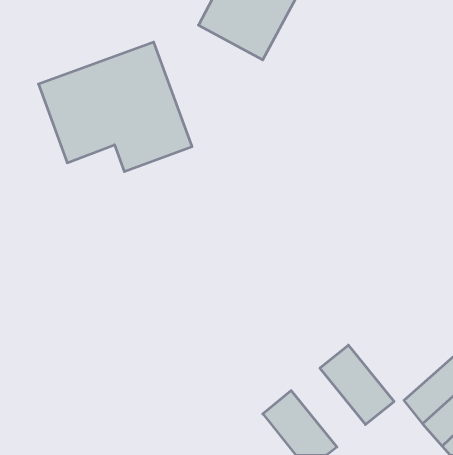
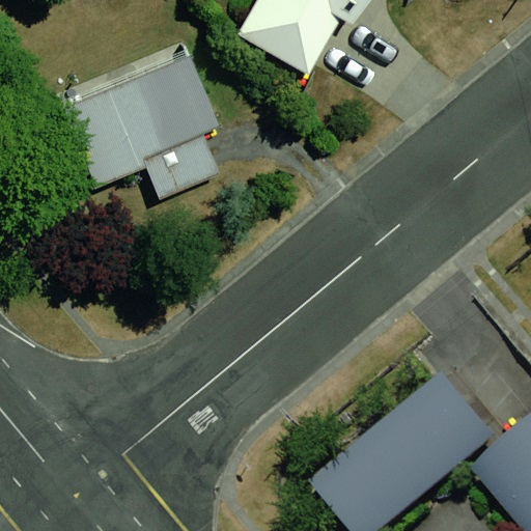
building: none -> [409,373,496,466]
building: none -> [342,427,428,519]

